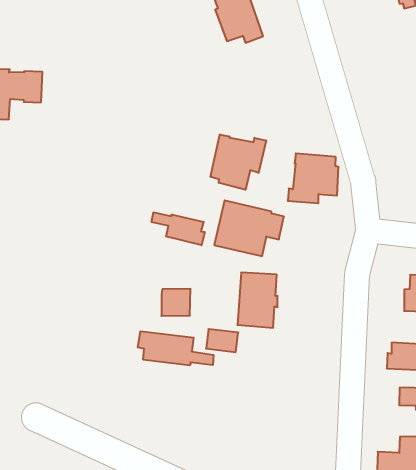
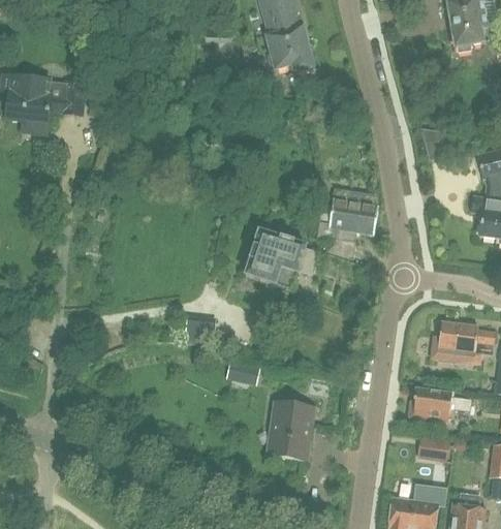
building: [211,134,266,190] -> none
building: [152,212,205,245] -> none
building: [237,273,278,328] -> [269,400,313,459]
building: [138,331,214,365] -> none

